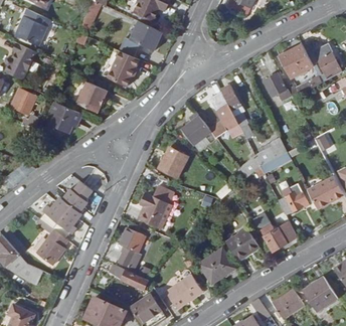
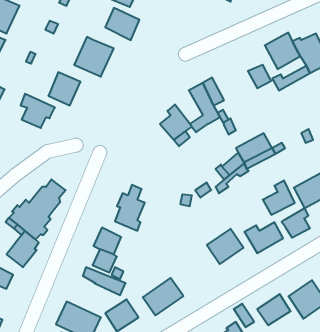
building: [158,147,188,177] -> none
building: none -> [282,208,310,238]
building: [198,248,235,284] -> none

